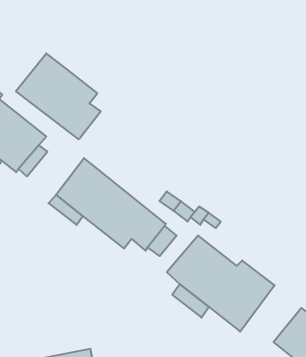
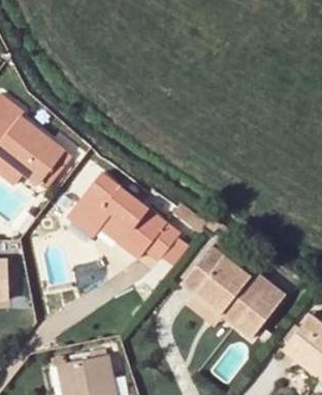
building: [16,53,101,139] -> none

